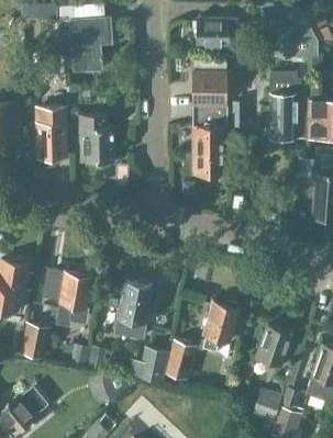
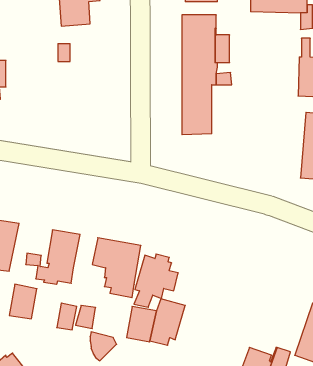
building: [262,72,310,139] -> none
building: [34,105,66,158] -> none
building: [81,115,113,162] -> none
building: [202,300,246,352] -> [134,254,178,307]
building: [256,325,292,368] -> none

